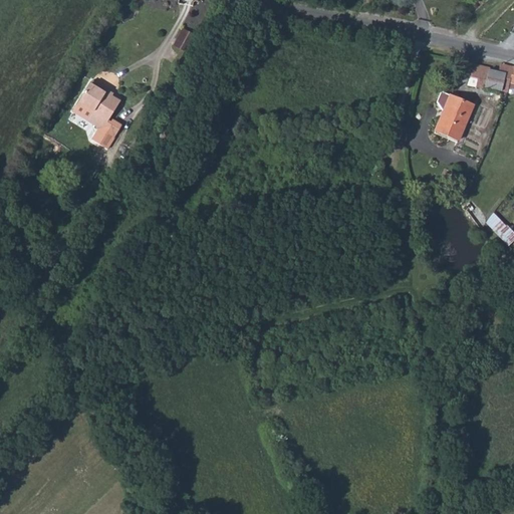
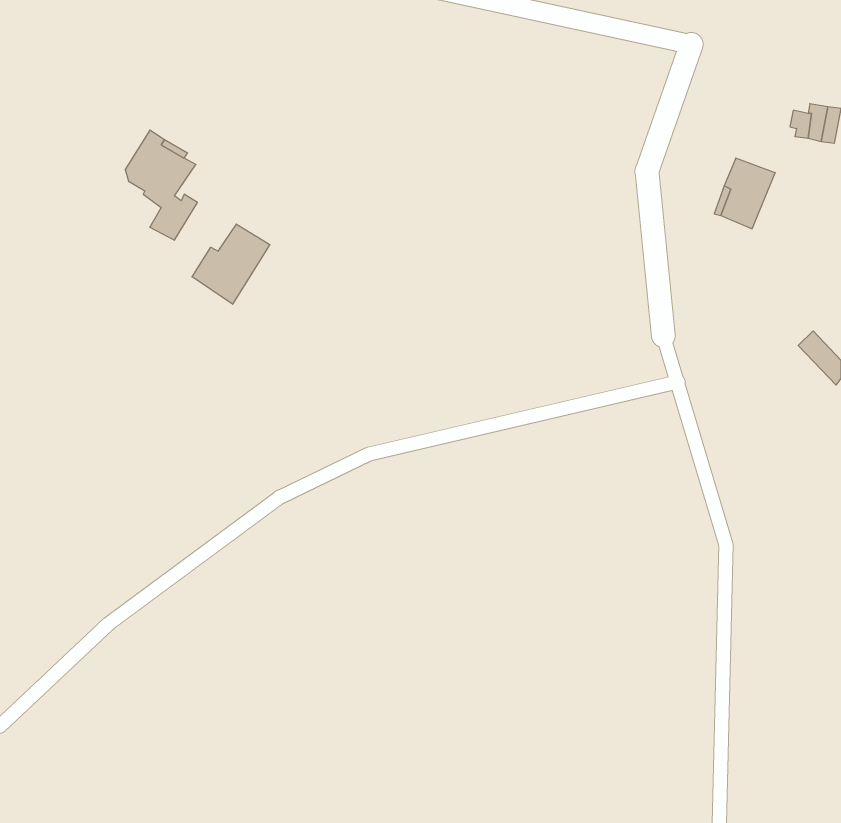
building: [471,65,509,93] -> none
building: none -> [192,224,270,304]

